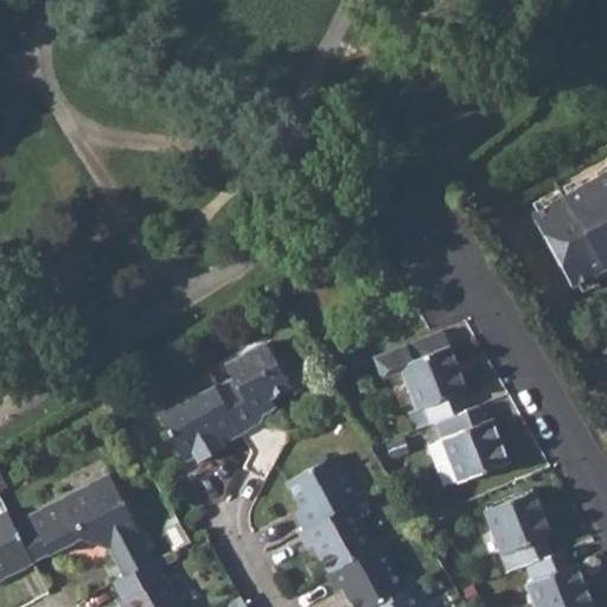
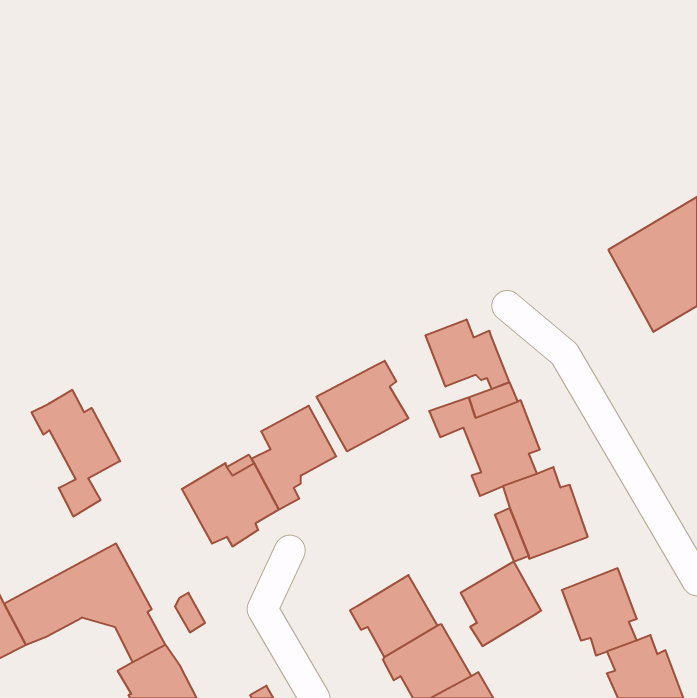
building: none -> [426,319,509,389]
building: none -> [316,361,408,451]
building: none -> [32,390,120,517]
building: [290,453,360,526] -> [461,561,541,646]

